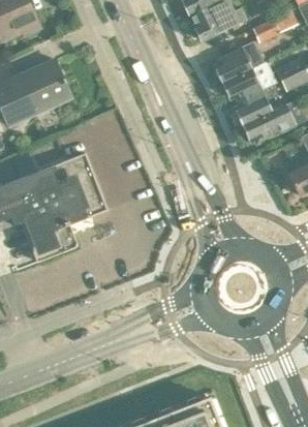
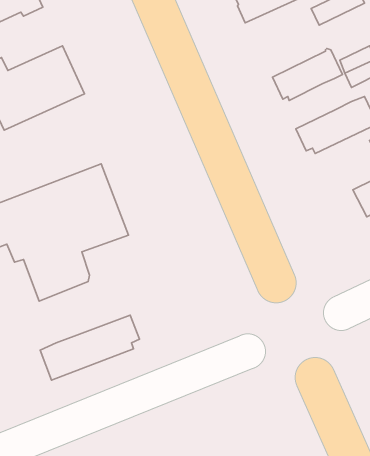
building: [213,41,265,84] -> none
building: [233,85,278,125] -> none
building: none -> [40,315,140,380]

